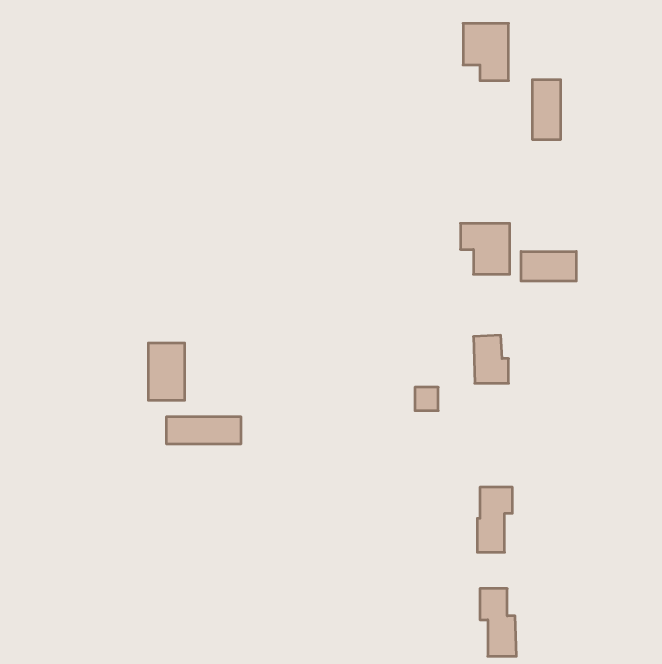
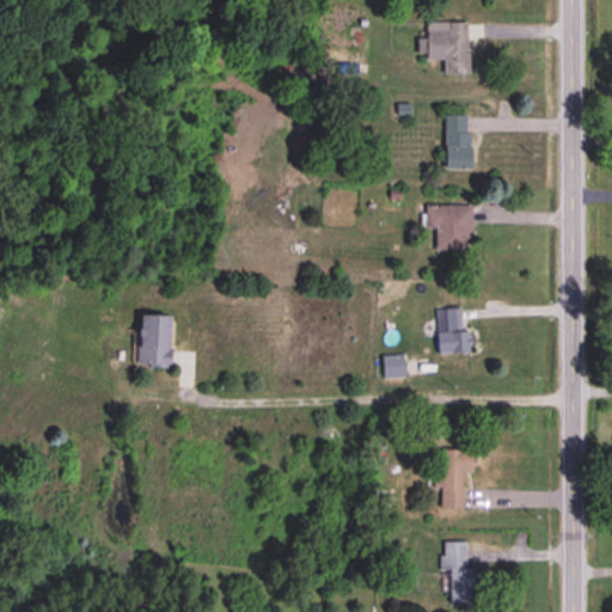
building: [532,80,561,139] -> [445,115,471,170]
building: [521,251,576,281] -> none
building: [167,417,241,444] -> none

